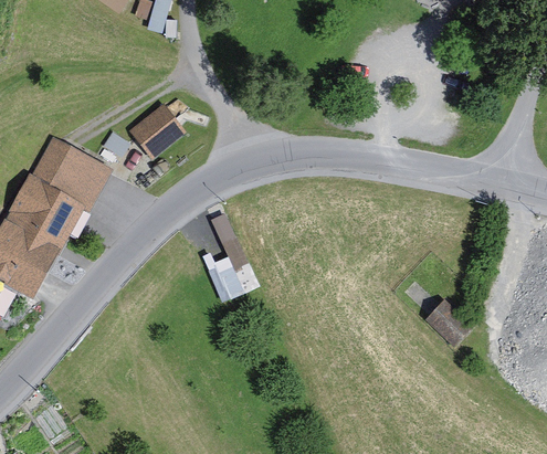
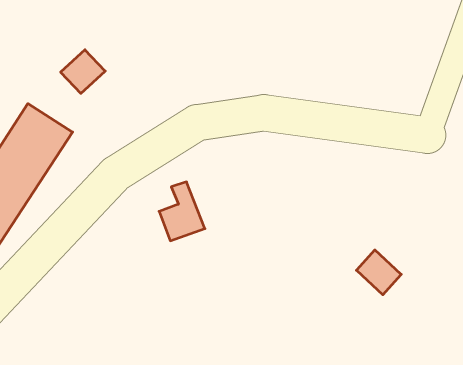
building: [130,107,179,155] -> [61,50,105,93]

